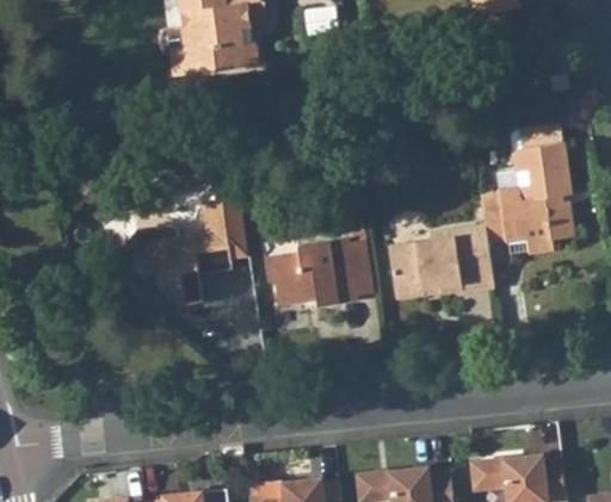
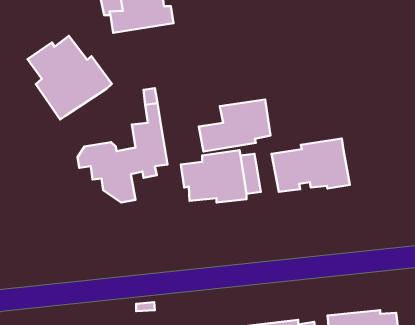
building: none -> [27,36,112,119]
building: [481,116,575,250] -> none
building: none -> [199,100,271,151]

